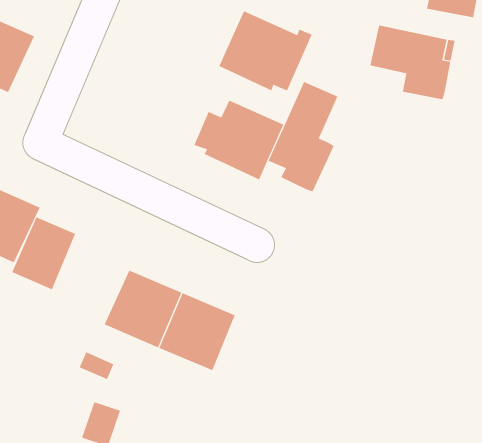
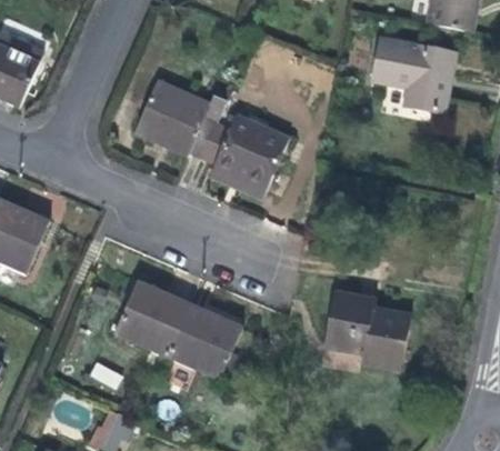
building: [218,11,313,91] -> [132,79,224,158]
building: [268,81,338,192] -> none
building: [12,217,76,290] -> none
building: none -> [323,293,408,368]

